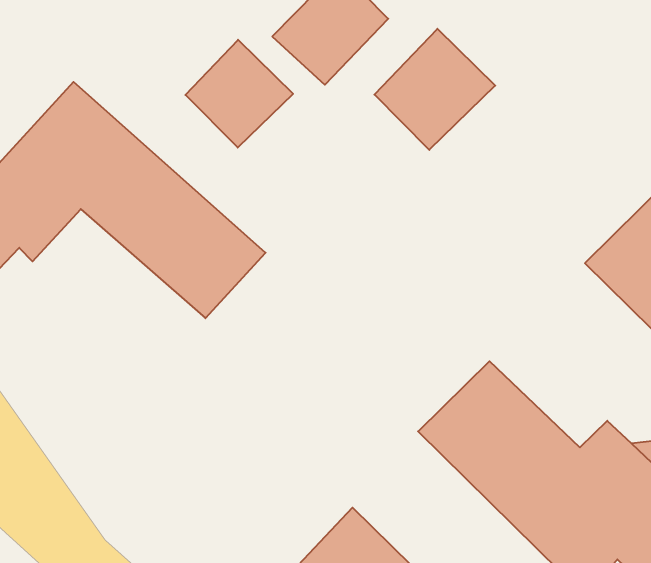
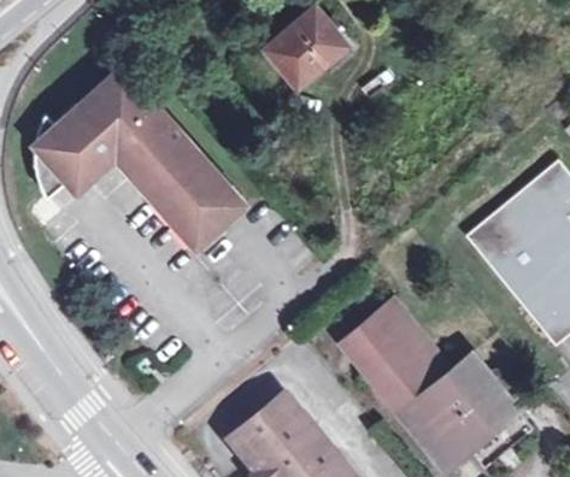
building: [374,29,495,150] -> none
building: [185,40,293,148] -> none

